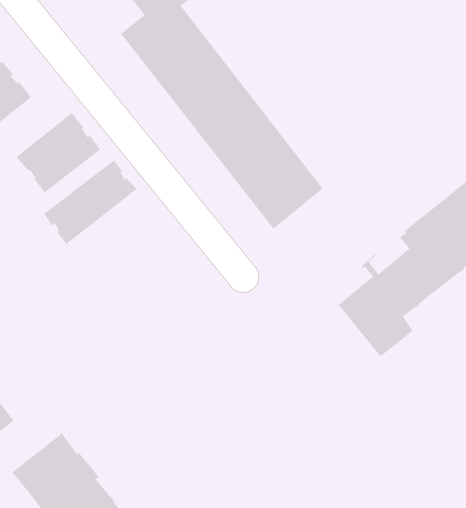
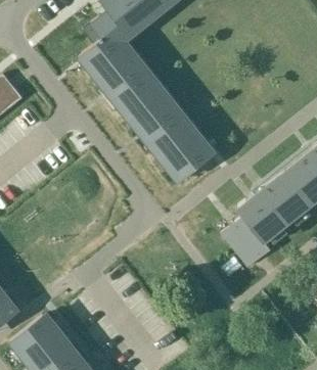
building: [16,112,101,193] -> none
building: [43,160,137,245] -> none

